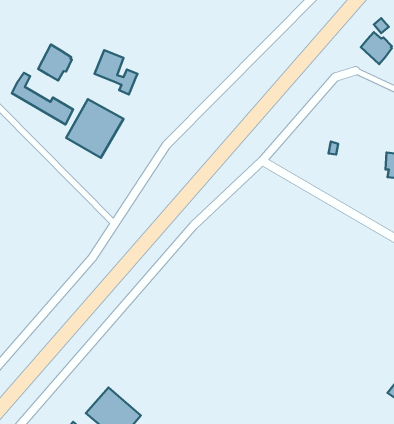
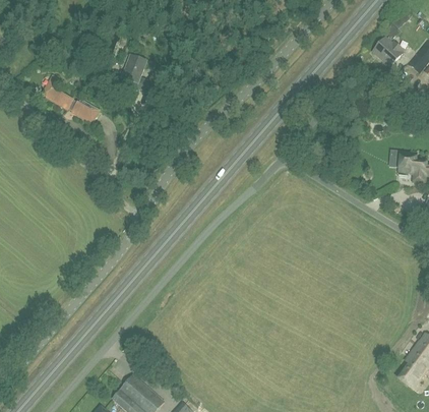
building: [38,45,72,80] -> none
building: [66,99,123,158] -> none

